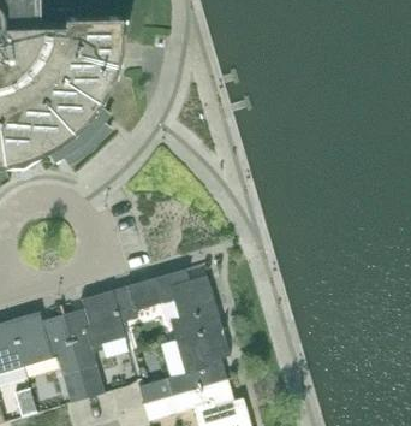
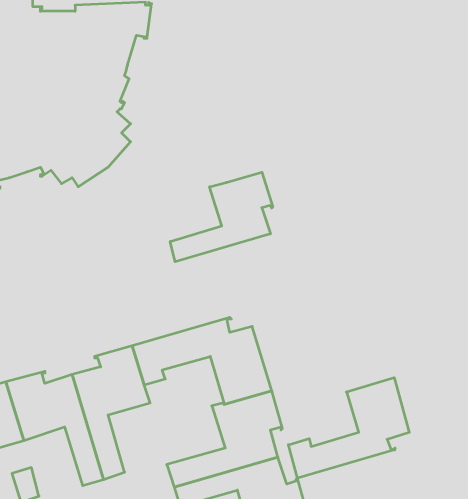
building: none -> [170,172,273,262]
building: none -> [288,378,409,478]

